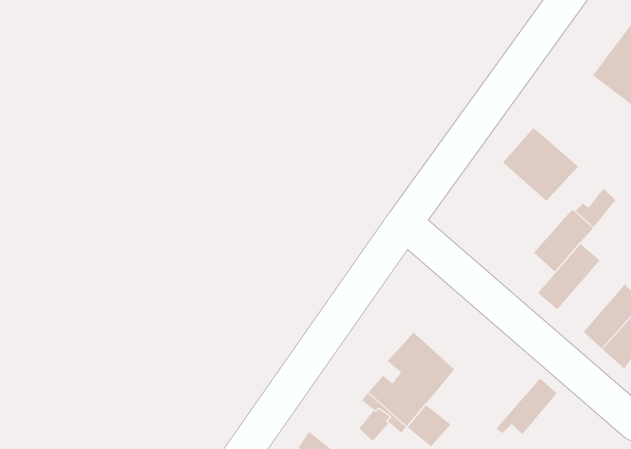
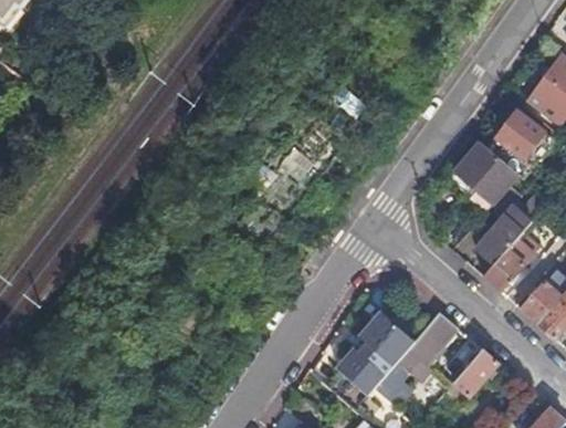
building: none -> [483,112,543,179]
building: none -> [398,312,455,372]

